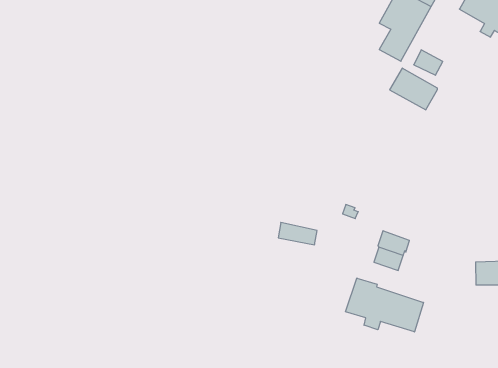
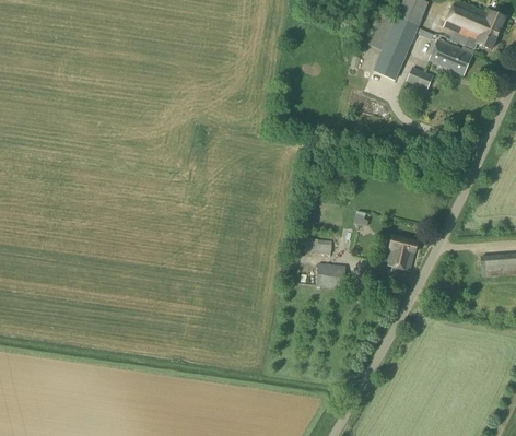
building: [390,68,437,110] -> [429,38,472,74]
building: none -> [316,262,345,290]
building: [346,278,423,332] -> none

